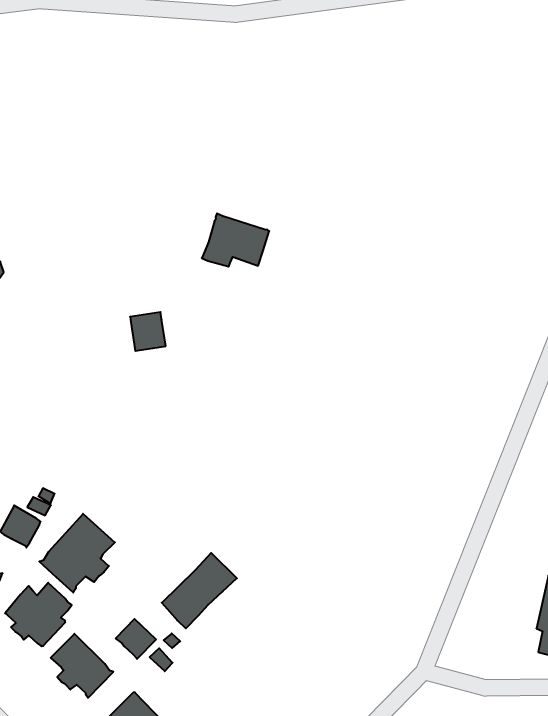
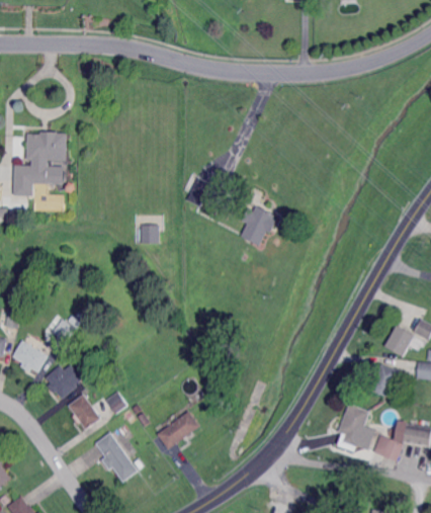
building: none -> [241,204,277,246]
building: [39,514,115,593] -> none
building: [162,553,237,628] -> [157,411,200,450]

